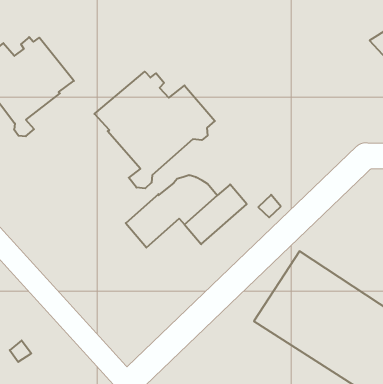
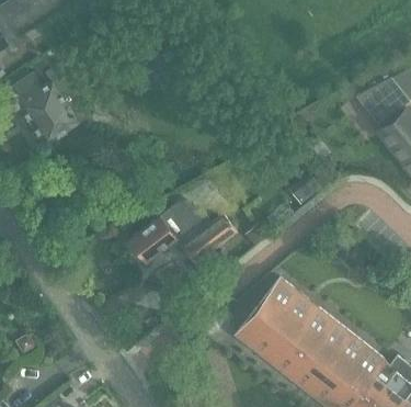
building: [94,72,215,188] -> none

